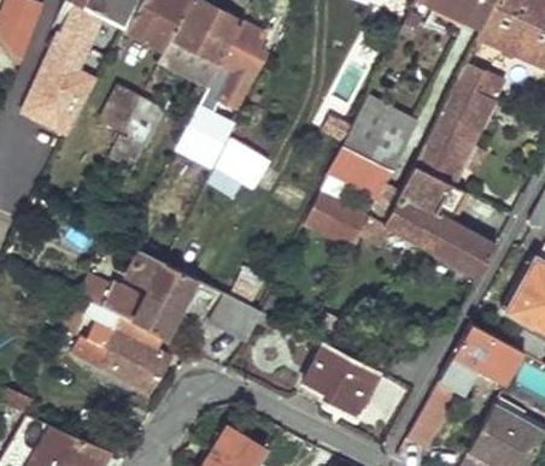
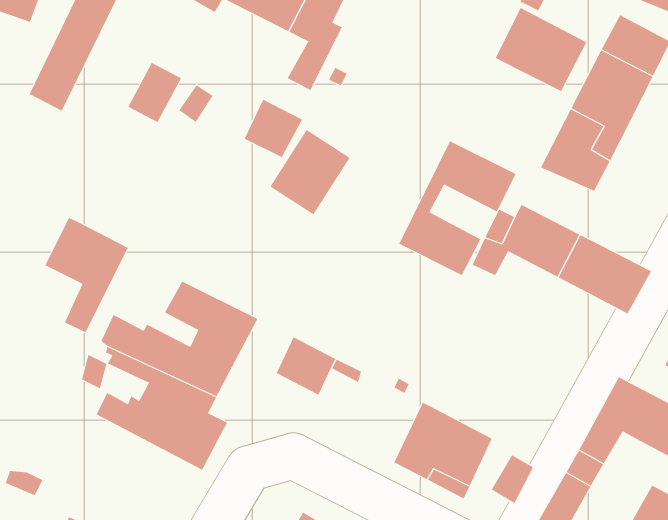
building: [341,107,411,171] -> [495,7,587,92]
building: [395,166,463,220] -> none
building: none -> [45,217,128,333]

